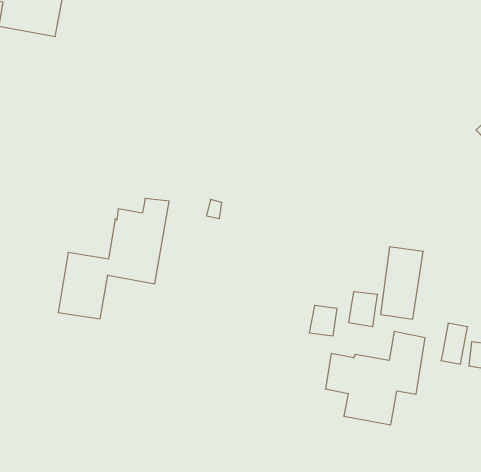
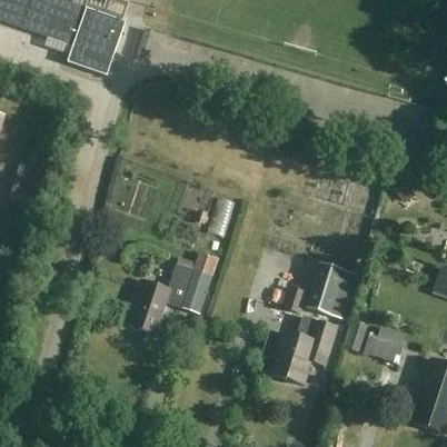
building: [58,198,169,319] -> [127,251,217,331]

